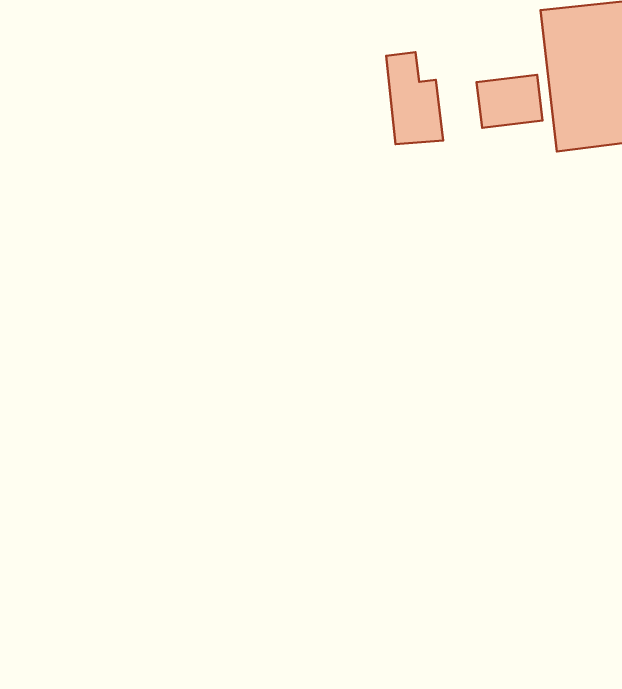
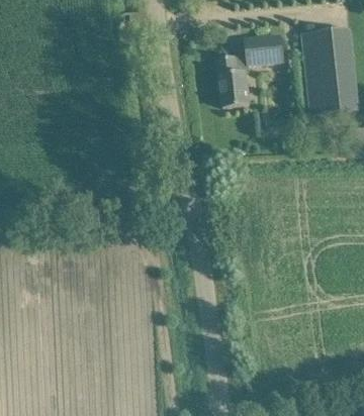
building: [477,75,543,128] -> [245,35,281,65]

